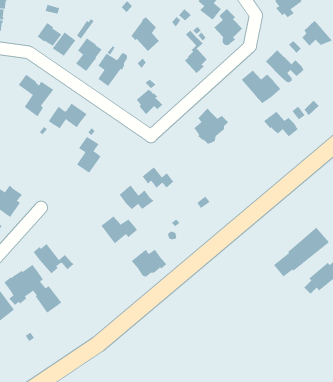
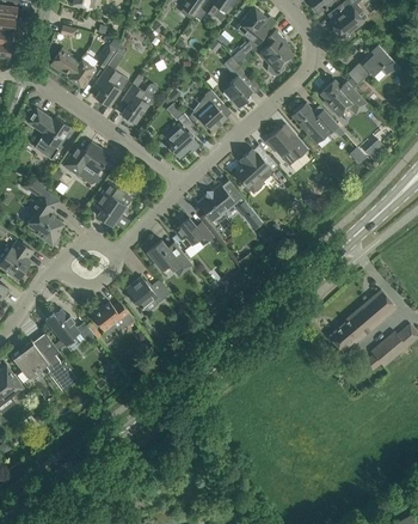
building: [131,17,160,52] -> [192,90,227,132]
building: [263,111,299,137] -> [265,128,307,159]
building: none -> [21,177,63,244]
building: none -> [197,183,263,229]
building: [131,249,167,277] -> [92,301,135,335]

